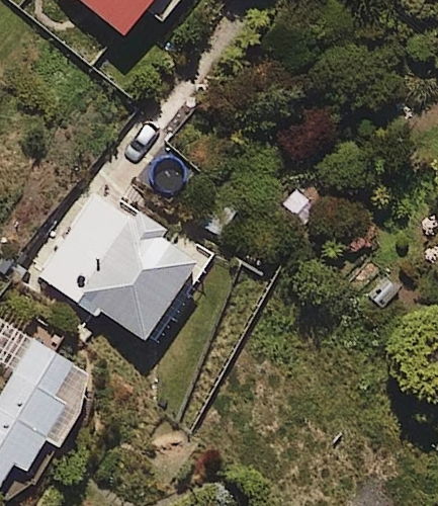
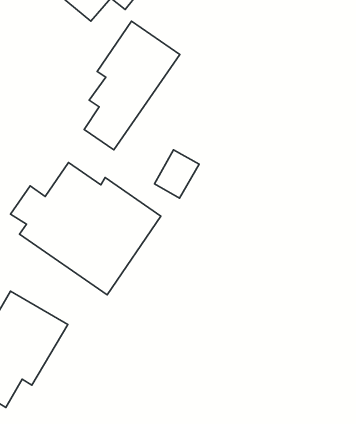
building: none -> [84,21,180,150]

